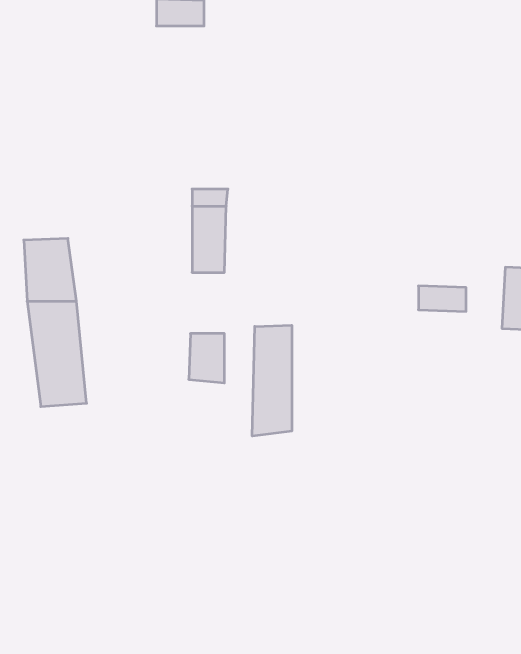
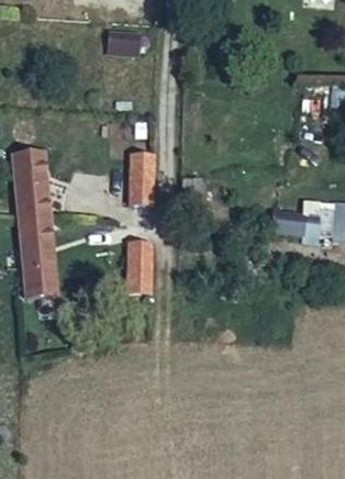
building: none -> [15,151,47,186]
building: [252,325,292,436] -> none

